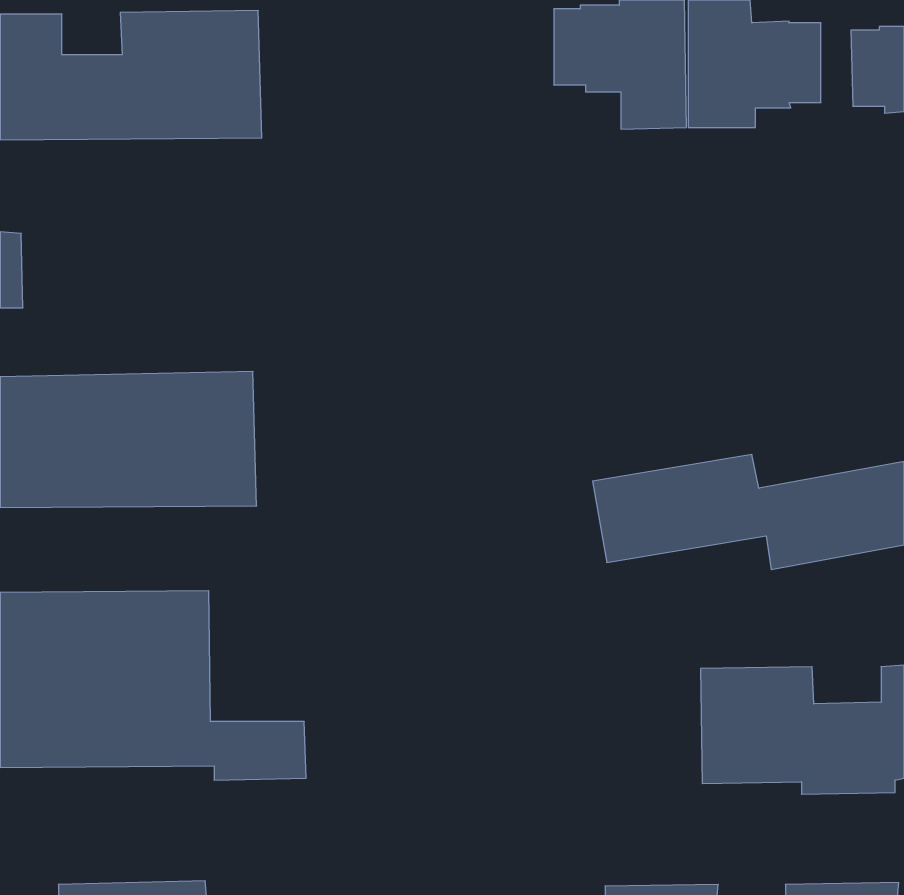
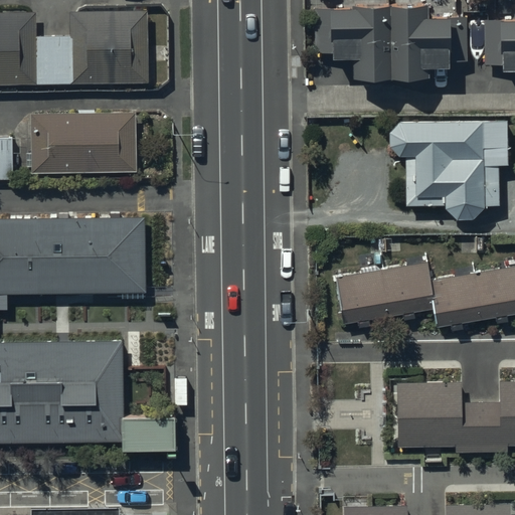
building: none -> [30,112,136,173]
building: none -> [389,121,509,220]

